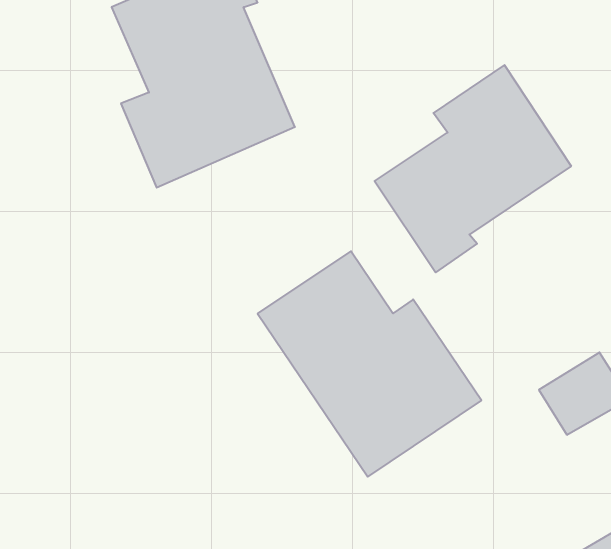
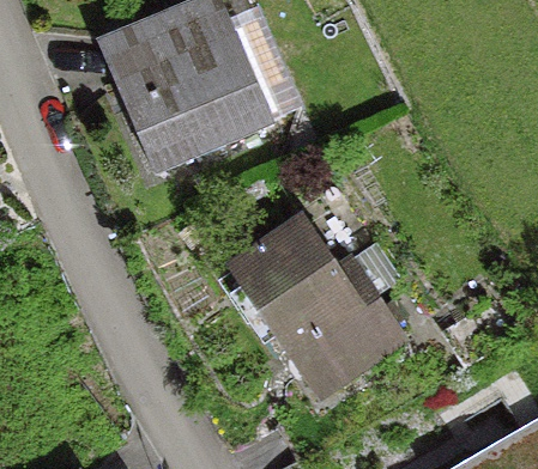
building: [375,65,571,272] -> none

